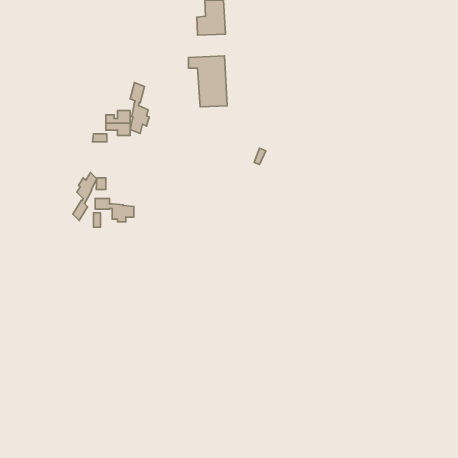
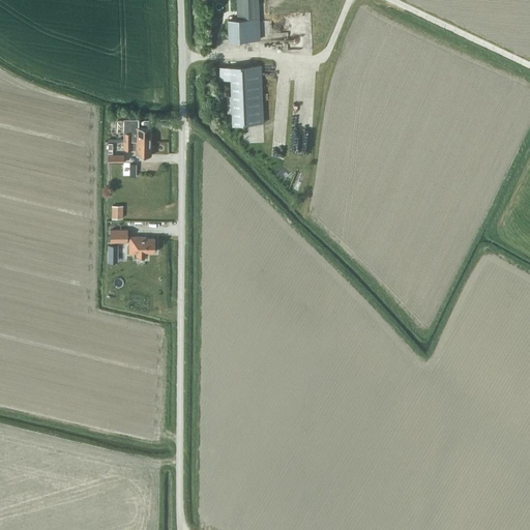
building: [130,82,149,133] -> none
building: [73,173,97,220] -> none

